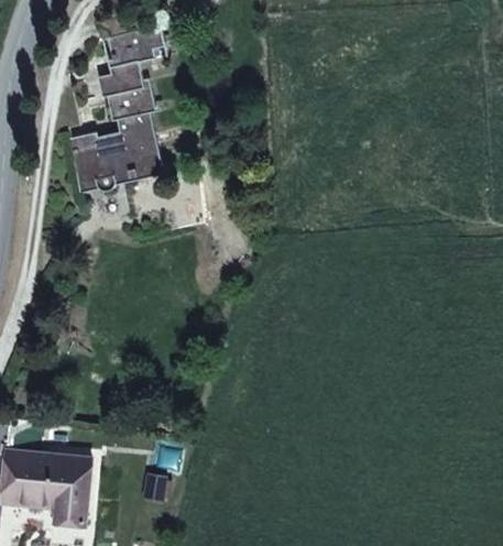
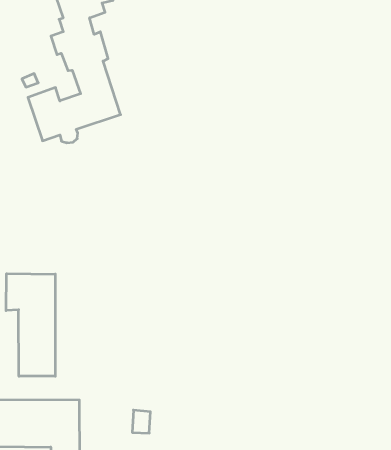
building: none -> [6,274,55,376]

